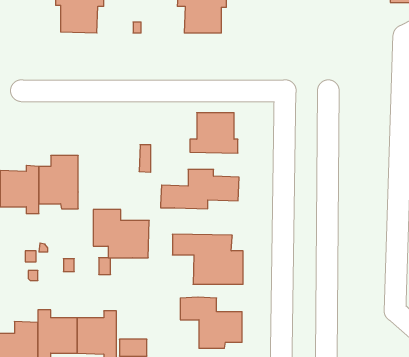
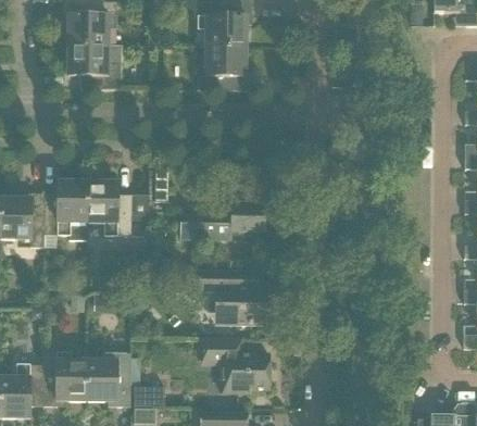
building: none -> [67,46,121,90]
building: [190,113,238,153] -> [197,47,250,91]
building: [93,210,149,258] -> [87,183,149,236]

